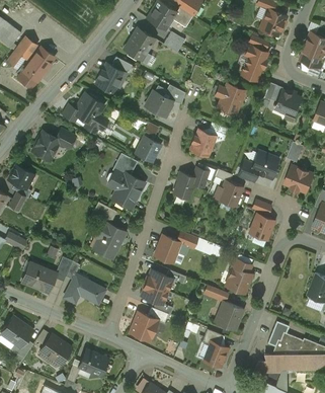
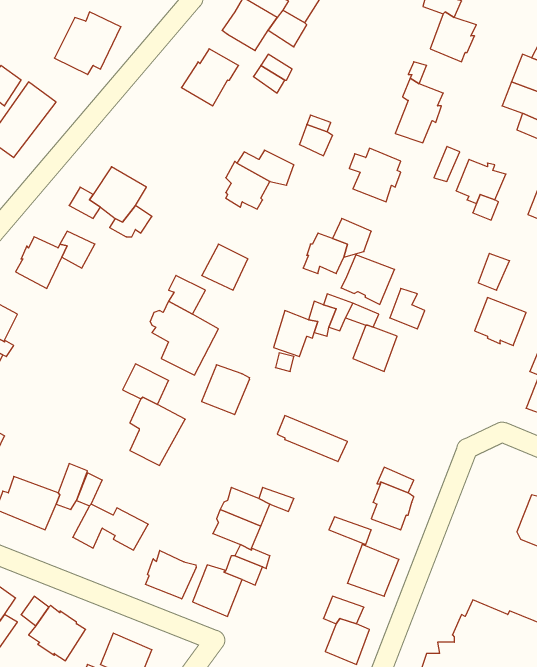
building: [94,57,131,91] -> [54,12,121,75]
building: [250,151,279,178] -> [341,255,395,304]
building: [249,214,273,239] -> none
building: [154,235,180,262] -> [202,365,250,415]
building: none -> [146,550,196,599]

